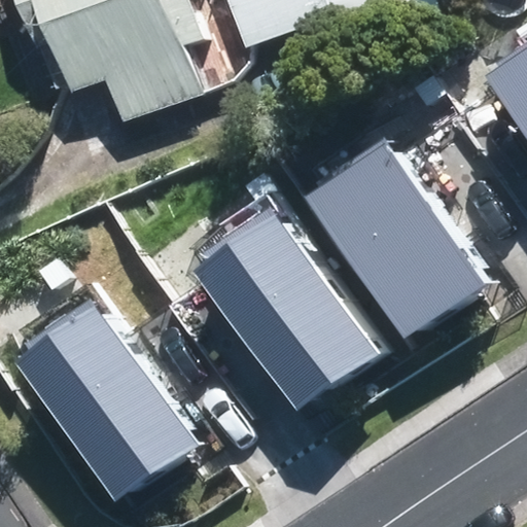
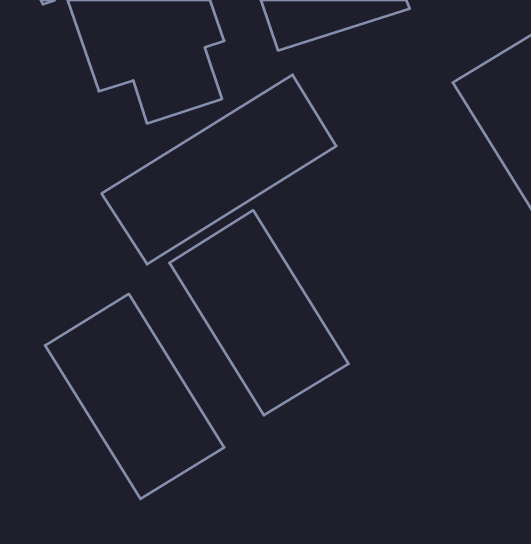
building: none -> [102,75,336,264]
building: [298,128,470,324] -> none

